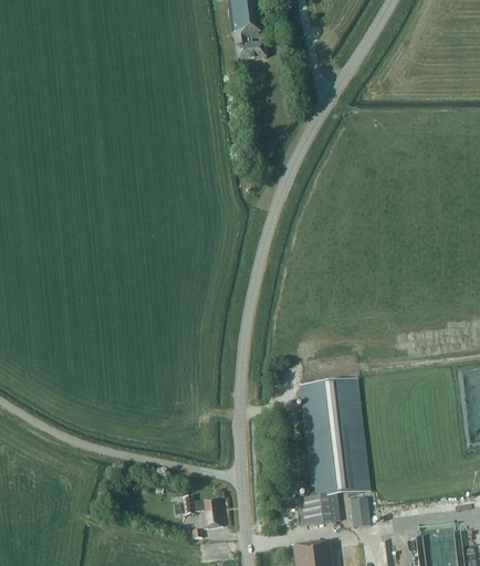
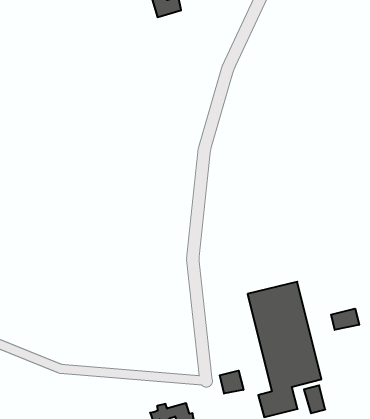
building: none -> [331,309,359,330]
building: none -> [220,371,243,394]

